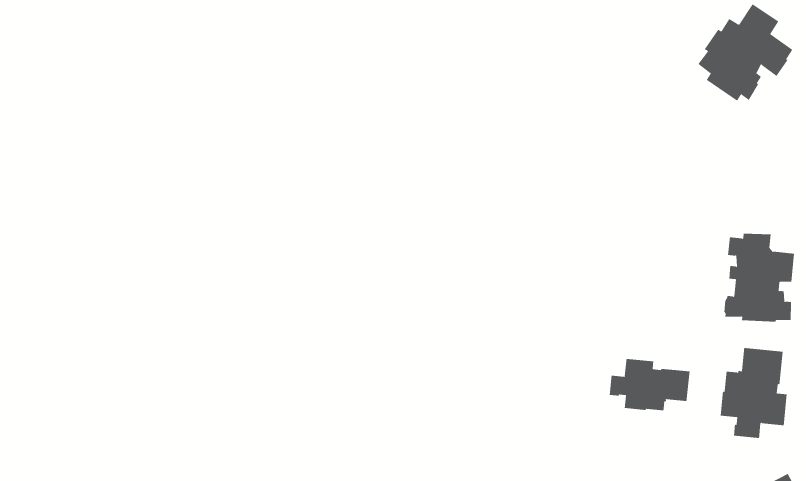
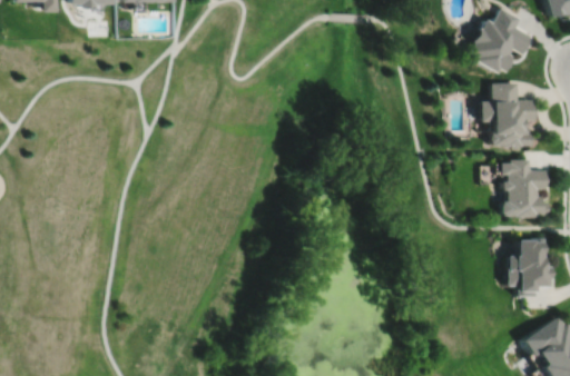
building: none -> [481,82,535,148]
building: [609,358,690,411] -> none

